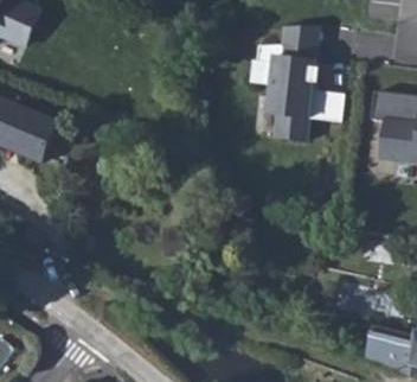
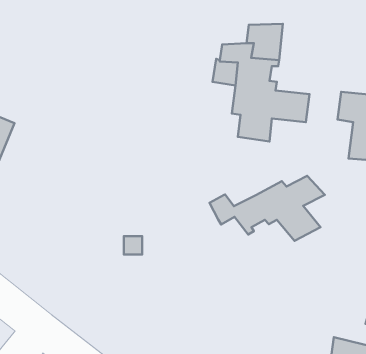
building: none -> [209,176,325,241]

